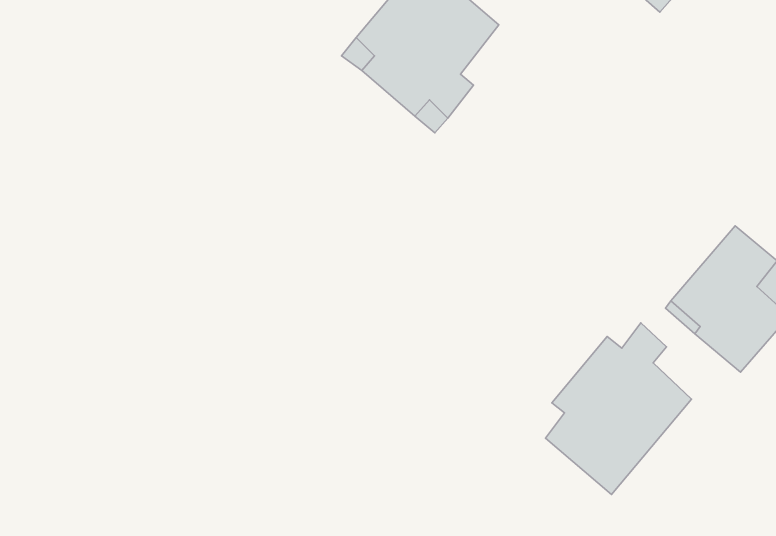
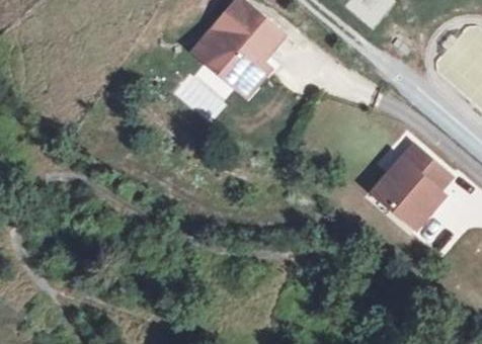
building: [545,323,692,495] -> none

